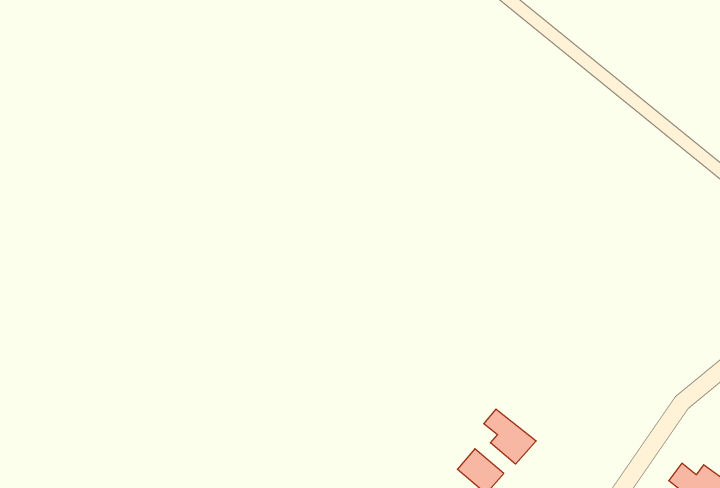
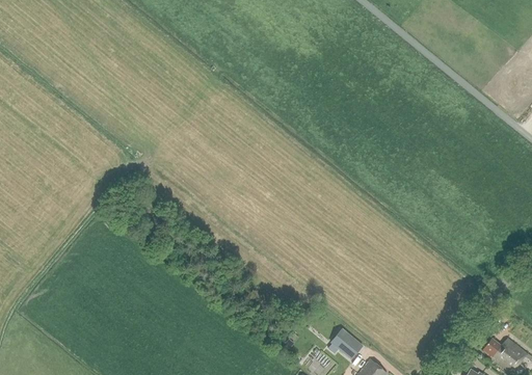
building: [484,409,536,464] -> none

